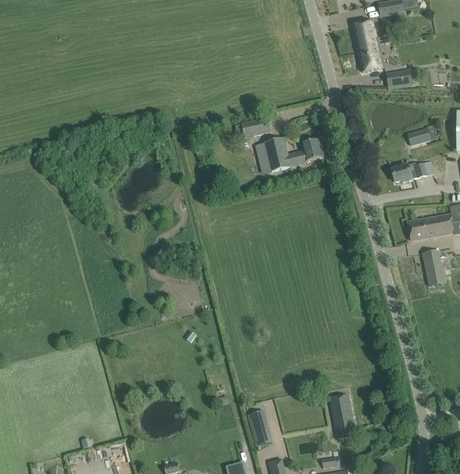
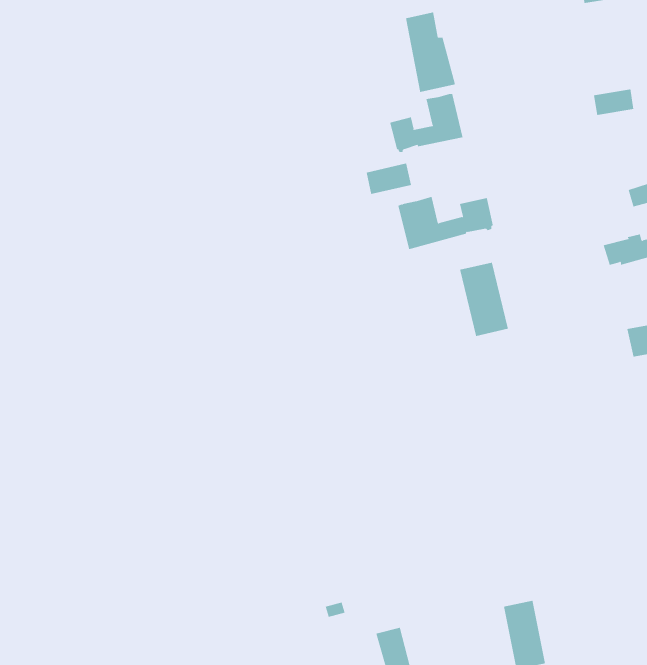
building: [353,20,385,71] -> [405,12,456,92]
building: none -> [390,93,463,153]
building: none -> [460,262,509,337]

